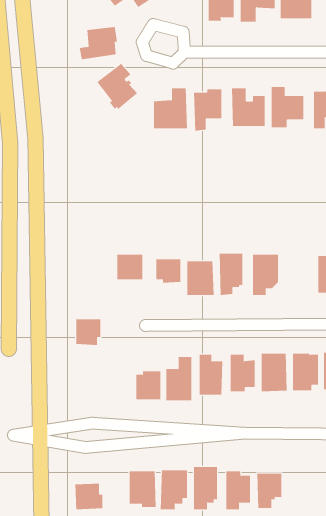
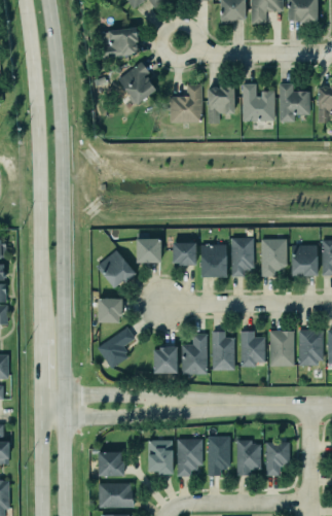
building: none -> [292,245,318,276]
building: none -> [97,250,137,287]
building: none -> [97,328,135,369]

